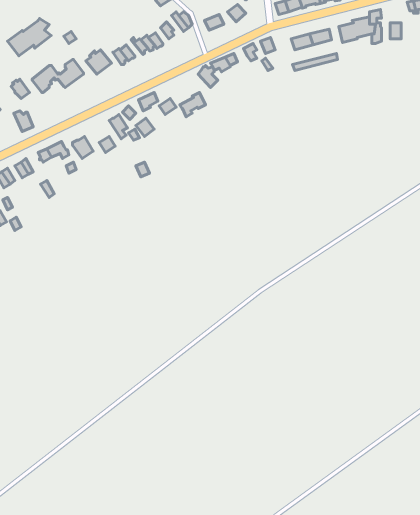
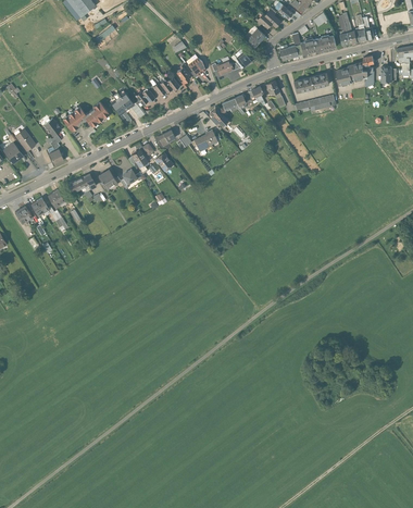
building: [8,19,51,56] -> none

